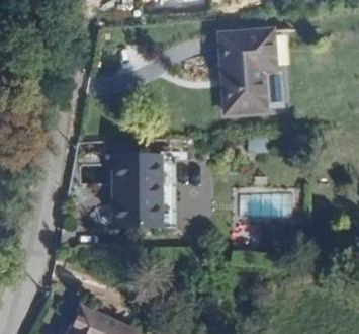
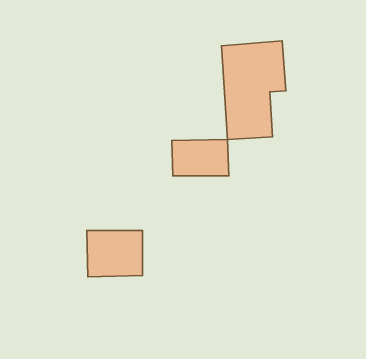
building: [103,166,151,196] -> [172,139,229,176]

